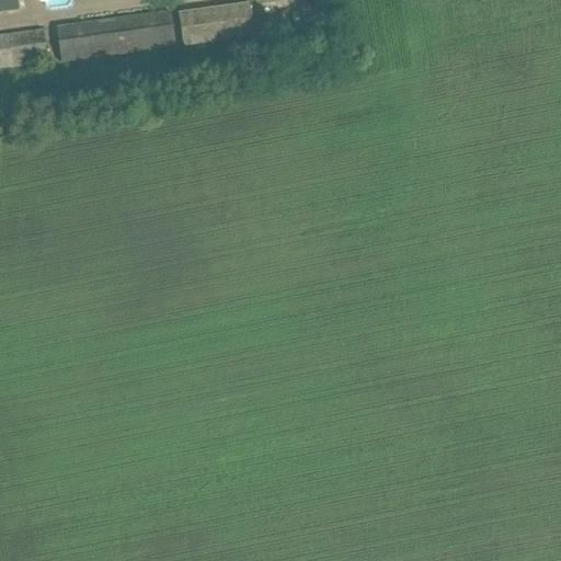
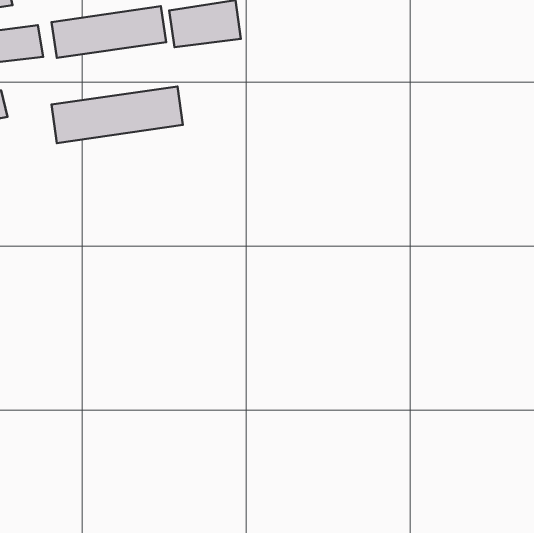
building: none -> [52,86,183,143]

